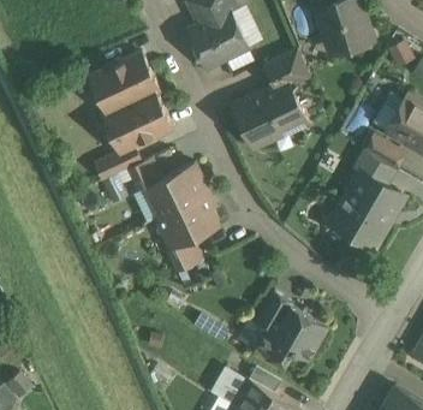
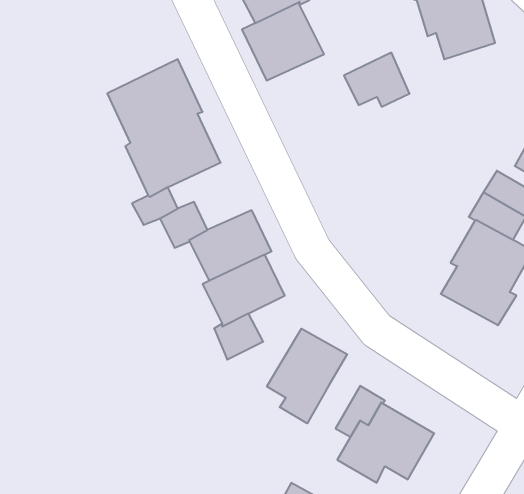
building: [234,82,306,149] -> none
building: none -> [267,329,347,423]

